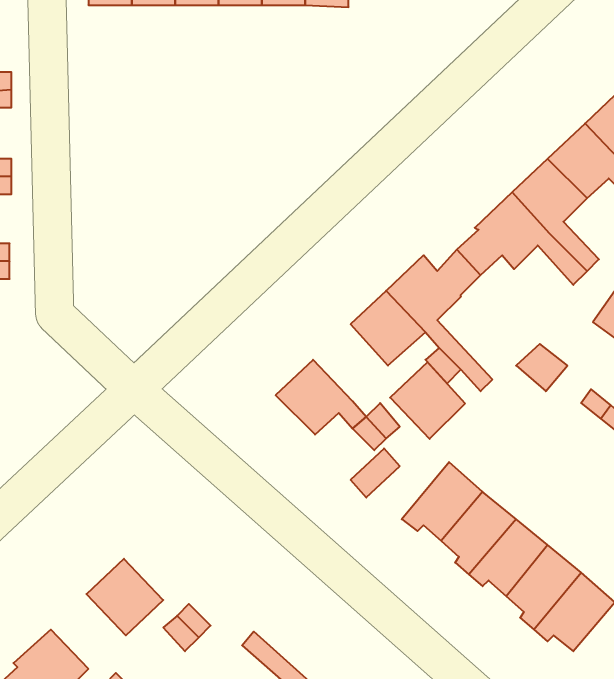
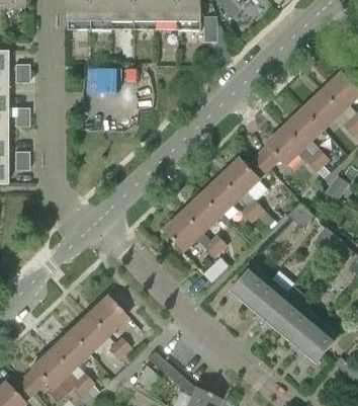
building: [390,362,465,439] -> [184,193,222,233]
building: none -> [87,297,125,335]
building: none -> [50,332,88,371]

